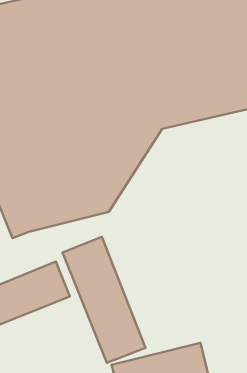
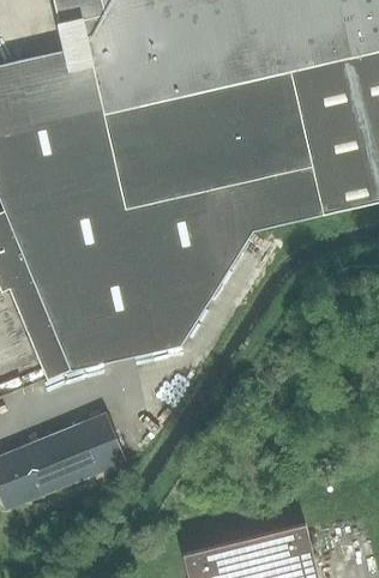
building: [63,237,146,363] -> none

